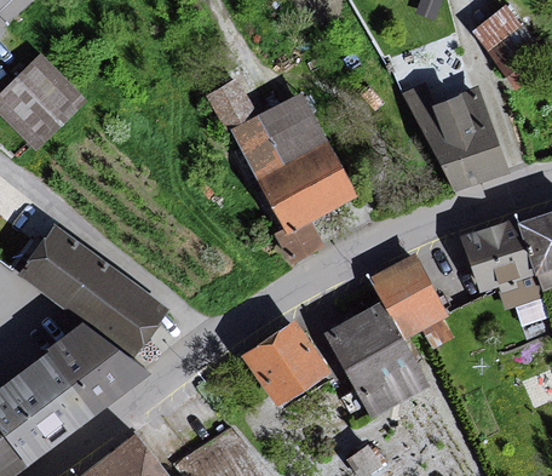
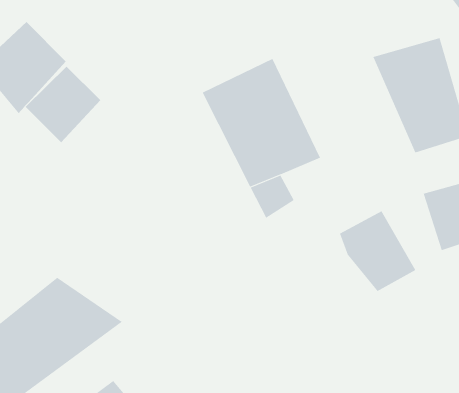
building: none -> [25,66,101,143]
building: [19,229,173,362] -> none
building: [333,303,433,419] -> none
building: [238,321,332,409] -> none

